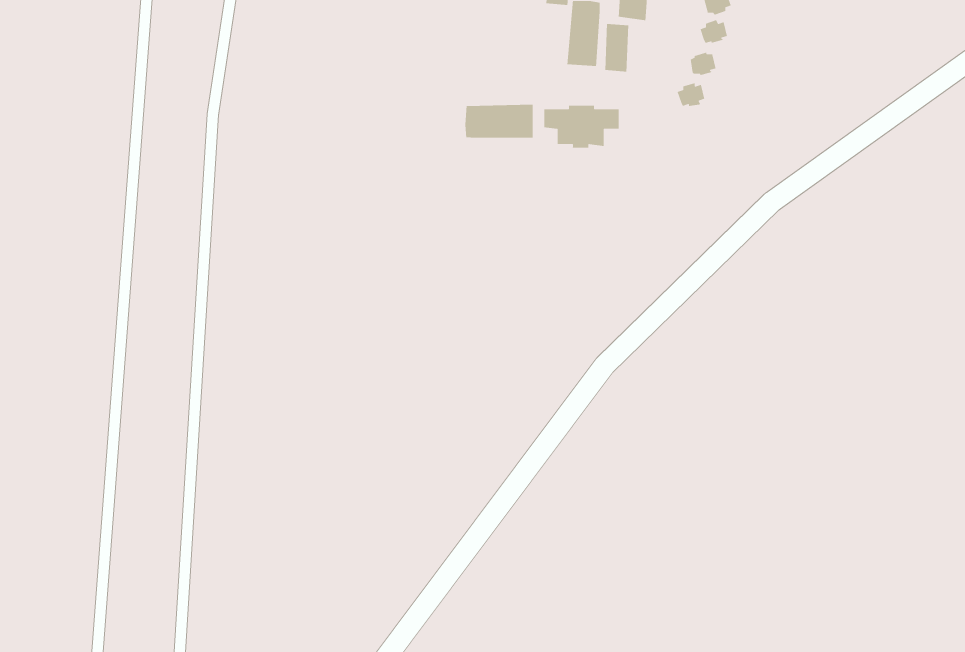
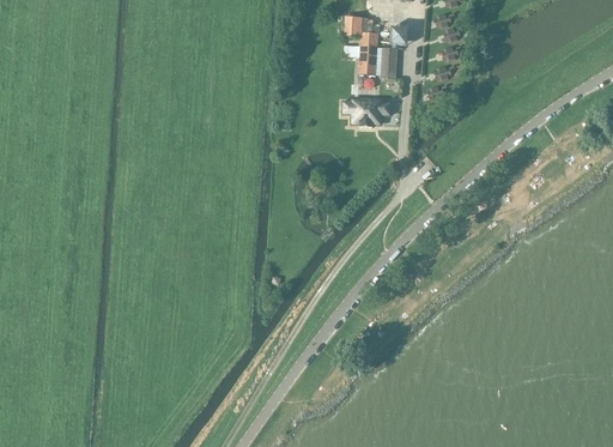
building: [464,104,534,138] -> none

